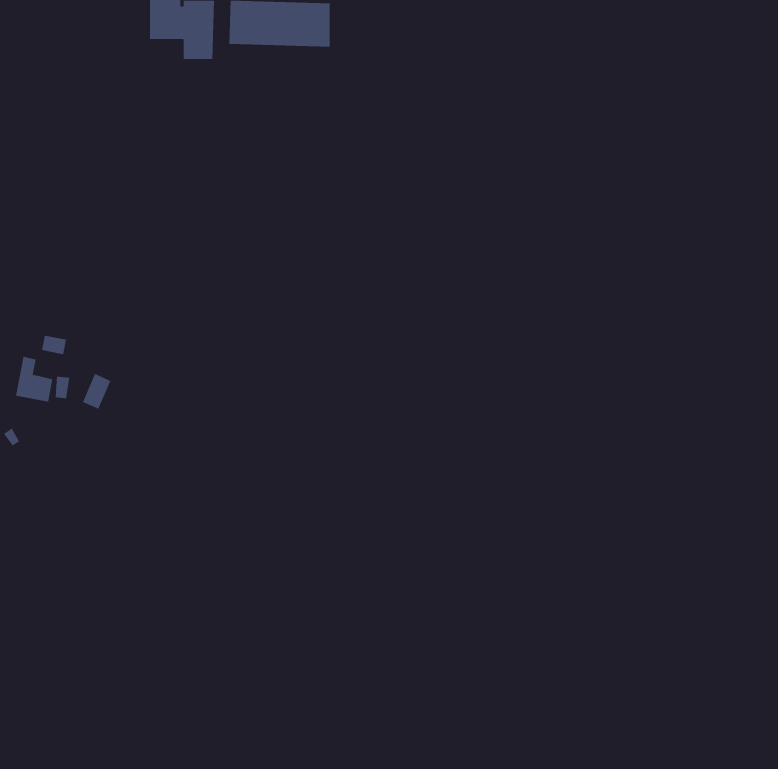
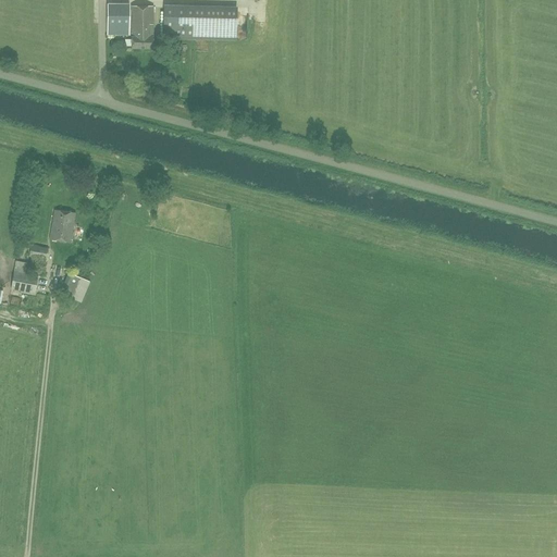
building: none -> [50,203,75,237]

